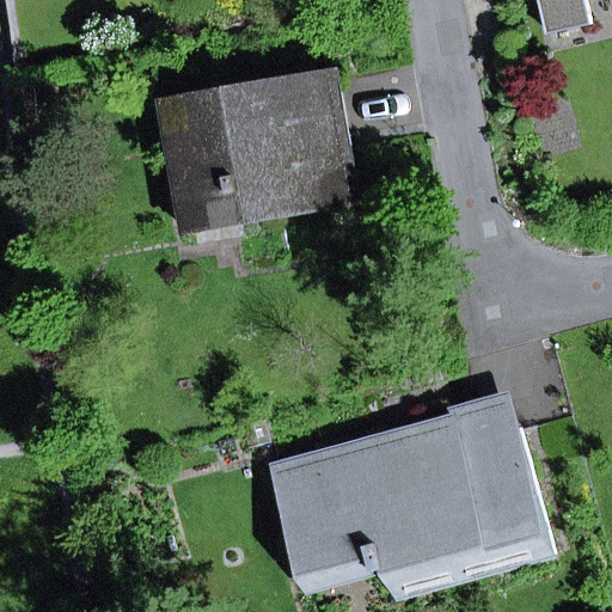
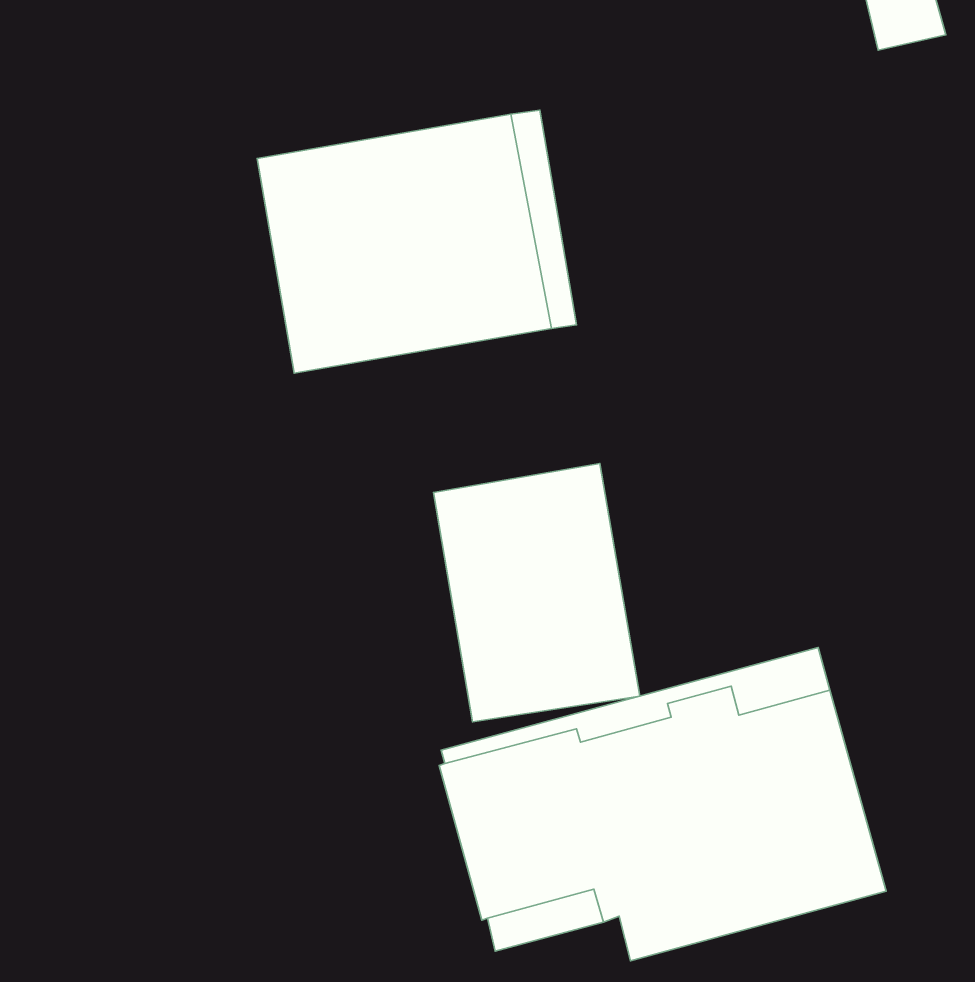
building: none -> [433,463,640,722]

